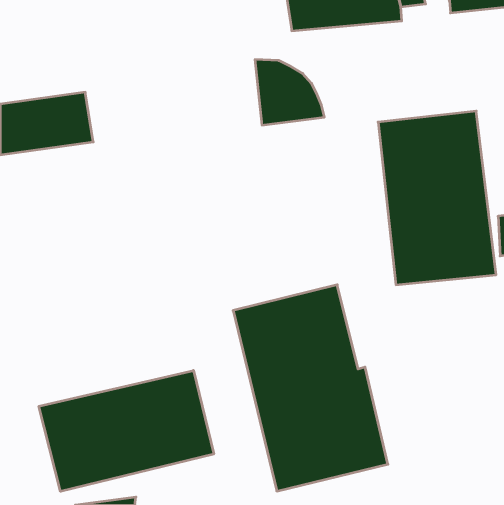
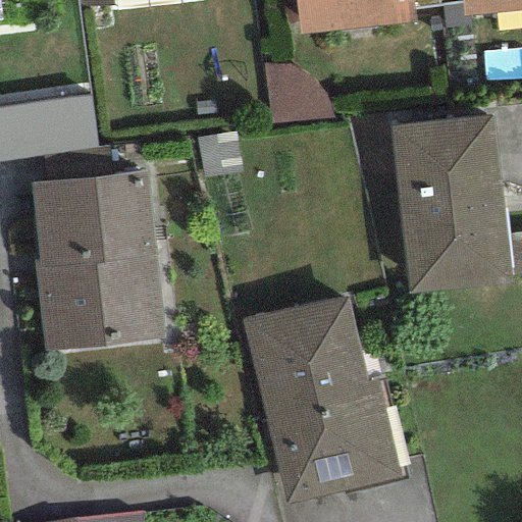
building: none -> [32,169,166,350]
building: [39,370,214,491] -> none

